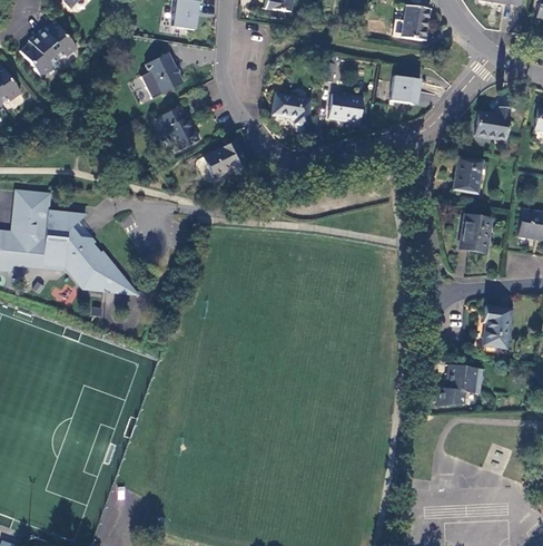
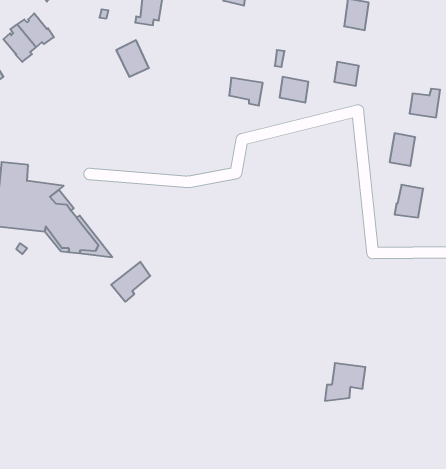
building: [156,106,200,152] -> none
building: [203,142,247,177] -> none
building: none -> [111,262,150,302]
building: [482,308,511,349] -> none
building: [436,364,482,407] -> [325,363,365,401]

